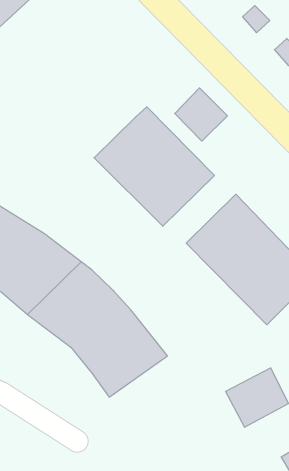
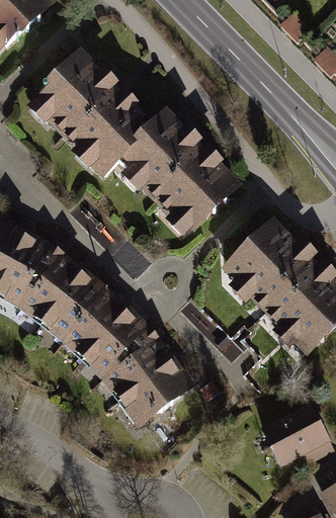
building: none -> [27,54,163,188]
building: [175,88,227,141] -> none

